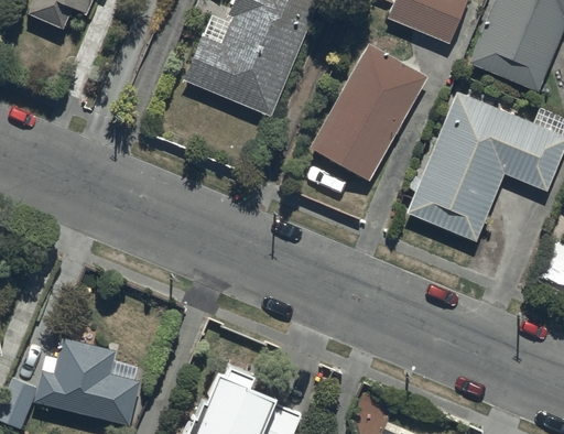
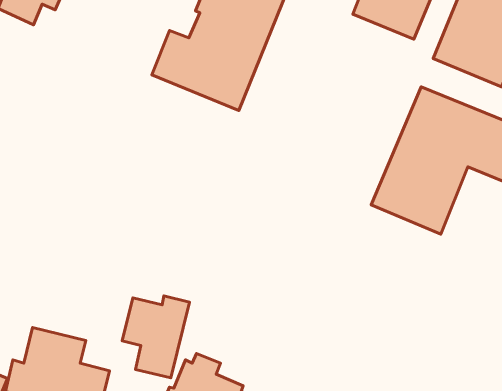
building: [308,42,427,180] -> none
building: none -> [122,296,189,378]

